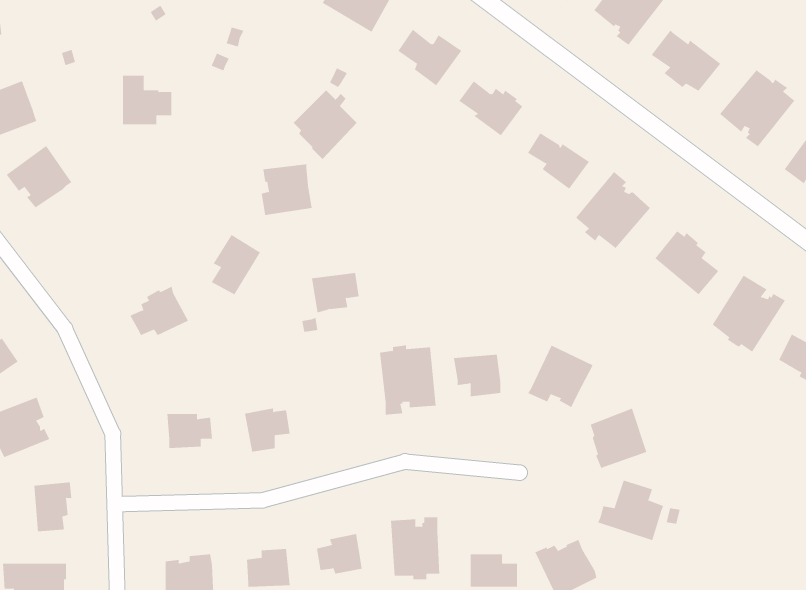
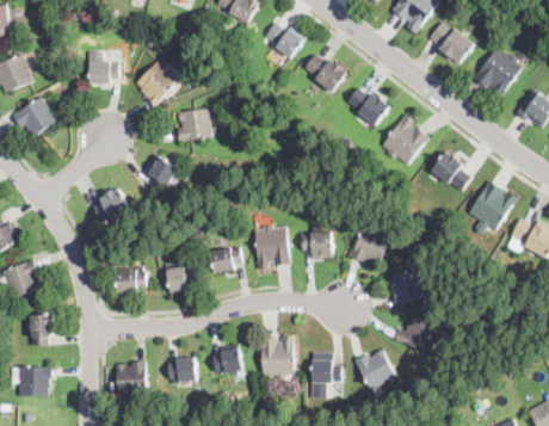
building: [293,90,358,160] -> [135,60,177,105]
building: [311,272,359,313] -> [210,247,241,273]

